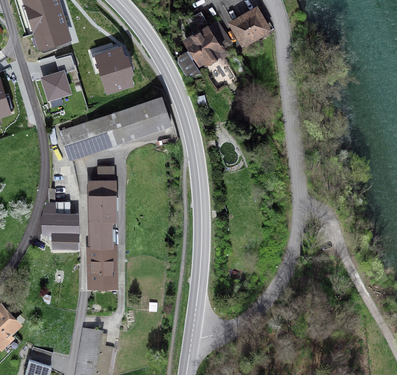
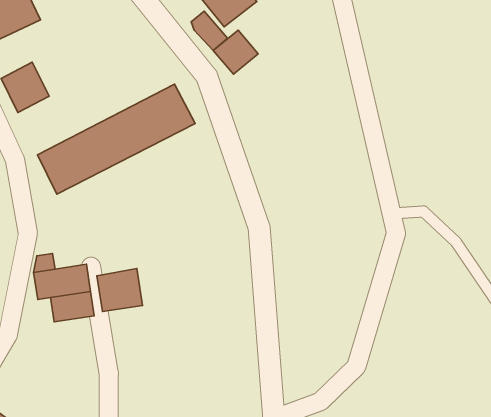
building: [93,46,135,96] -> none
building: none -> [213,30,258,74]
building: [84,167,113,223] -> none
building: [85,248,114,290] -> none

